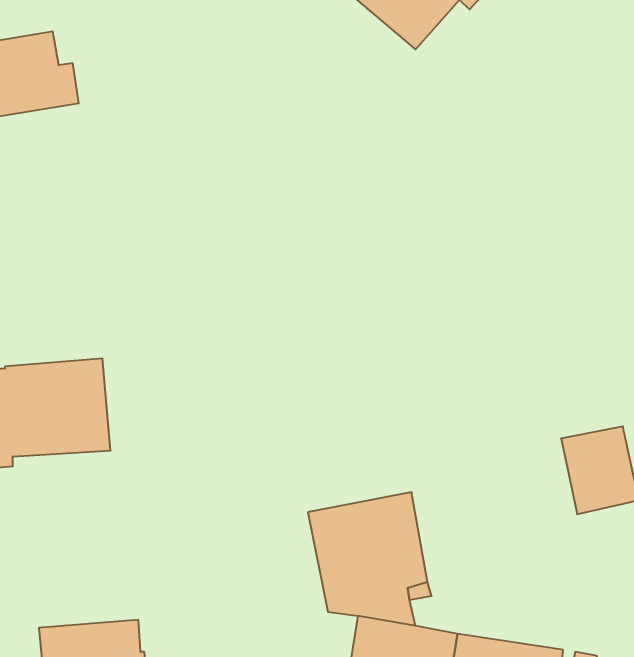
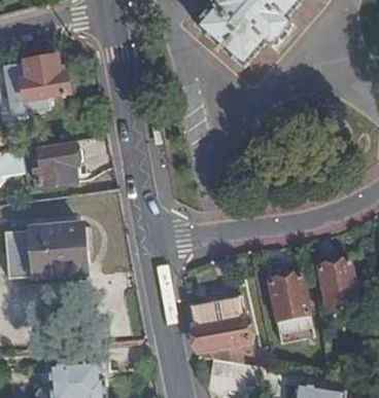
building: none -> [35,143,82,186]
building: none -> [269,273,312,332]

